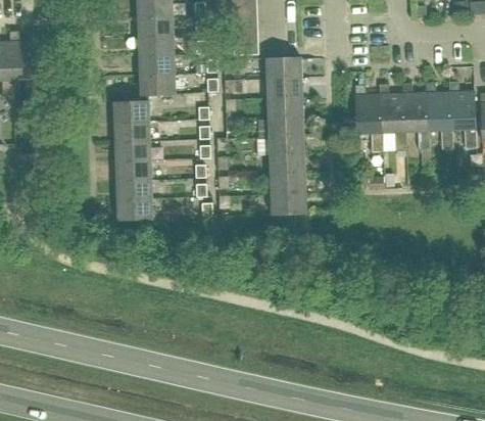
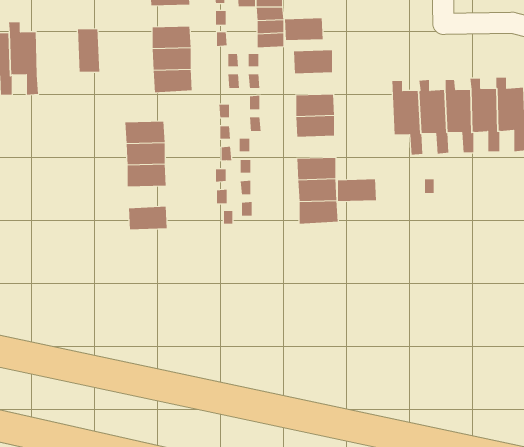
building: [137,16,173,37] -> none
building: none -> [78,29,100,73]
building: [266,78,302,98] -> [284,18,324,41]
building: [113,101,149,123] -> none
building: [269,135,304,155] -> [337,179,377,202]
building: [115,180,151,200] -> none

